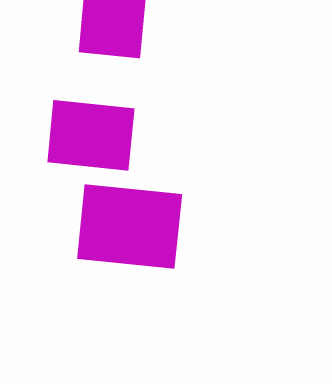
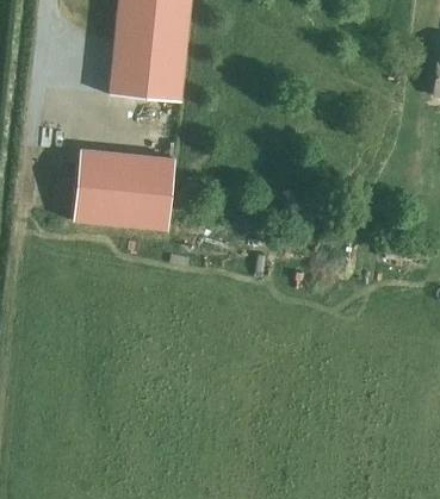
building: [76,184,183,269] -> none

